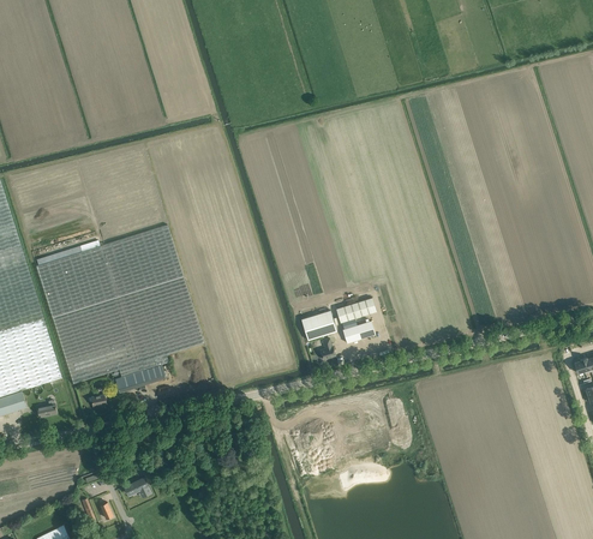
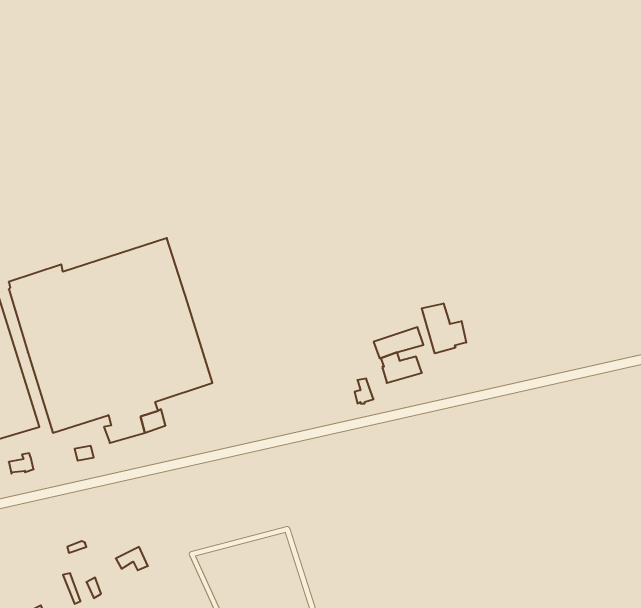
building: none -> [422,303,466,353]
building: [300,310,336,340] -> none

